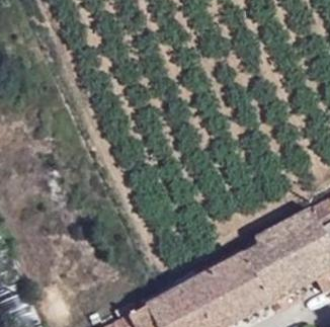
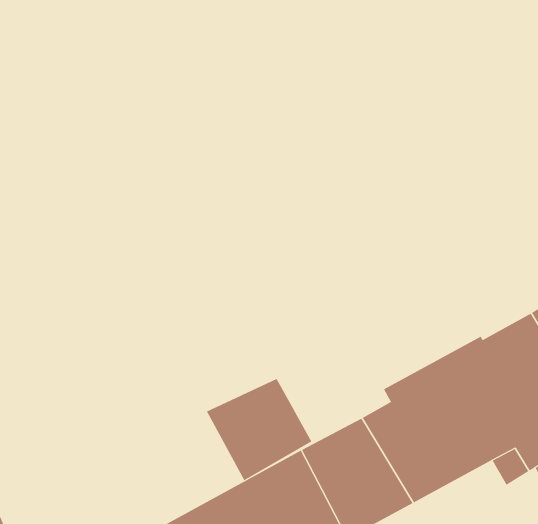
building: none -> [206,378,312,481]

